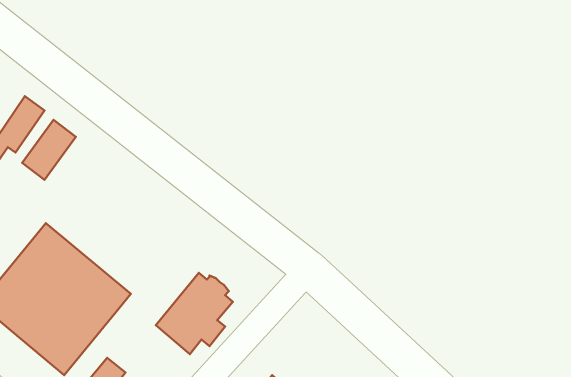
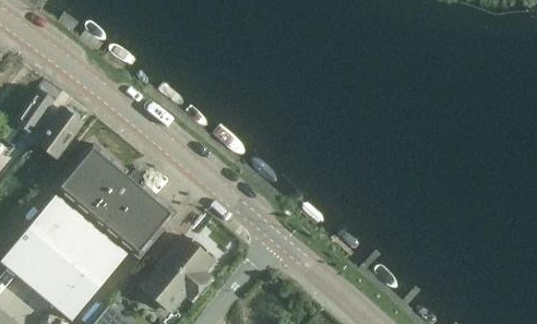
building: none -> [55,143,175,257]

